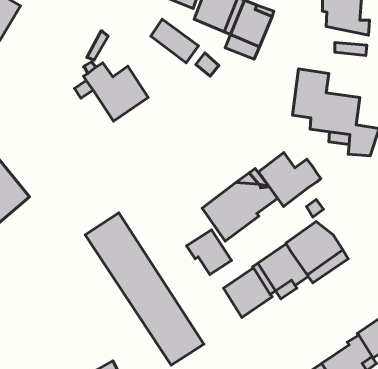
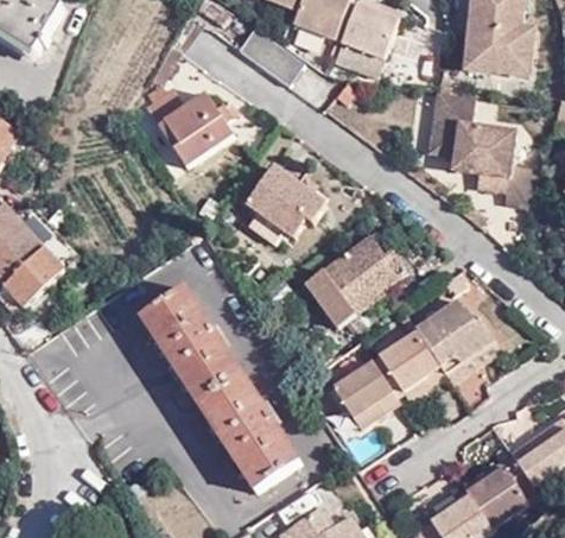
building: none -> [461,36,527,71]
building: none -> [245,165,325,240]
building: [259,153,321,207] -> none
building: [186,230,232,275] -> none

